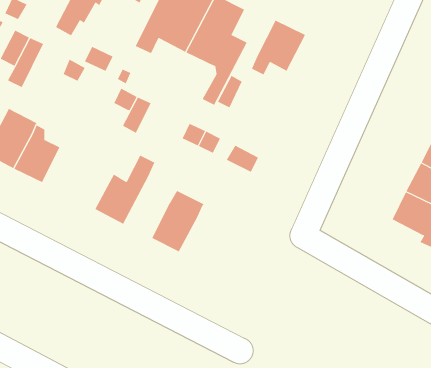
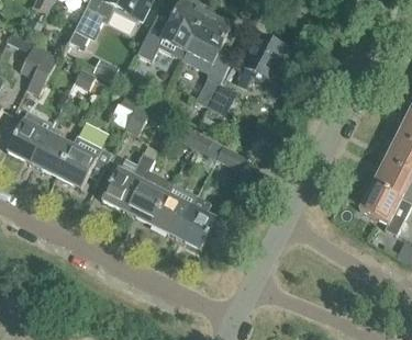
building: none -> [56,137,112,190]
building: none -> [126,171,172,225]
building: none -> [175,196,215,250]

